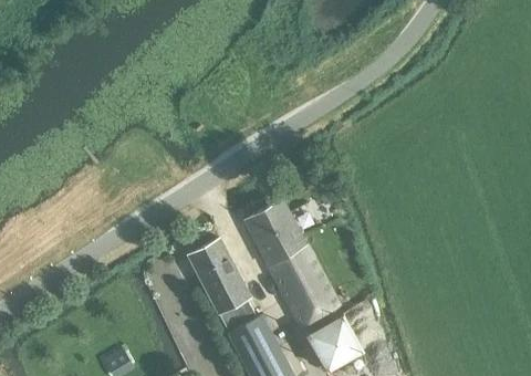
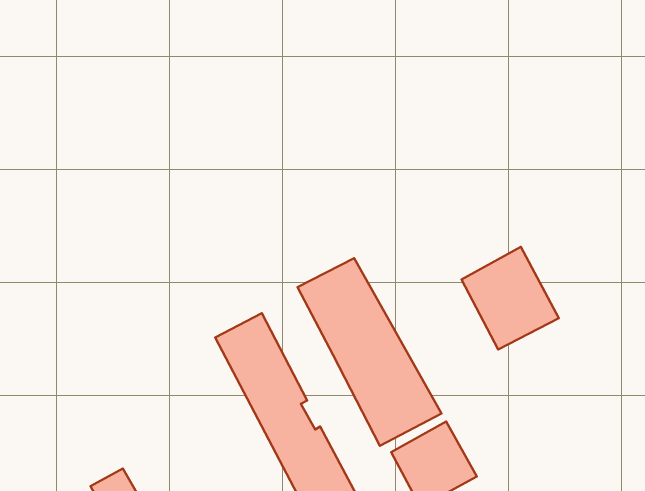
building: none -> [462,247,559,350]

